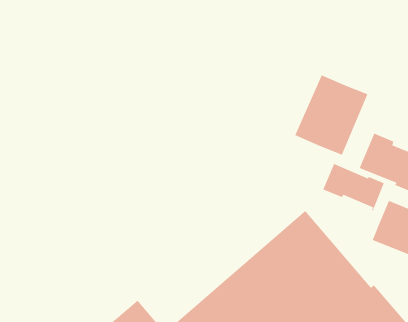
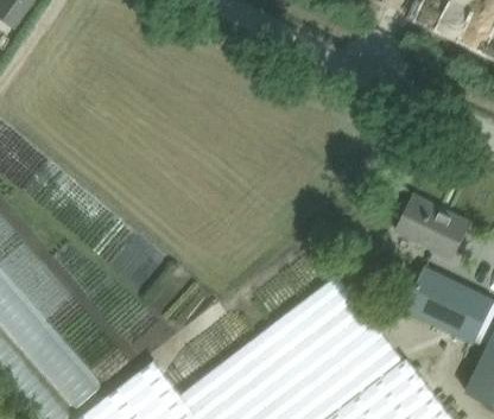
building: [294,75,368,156] -> none
building: [323,163,385,211] -> none

